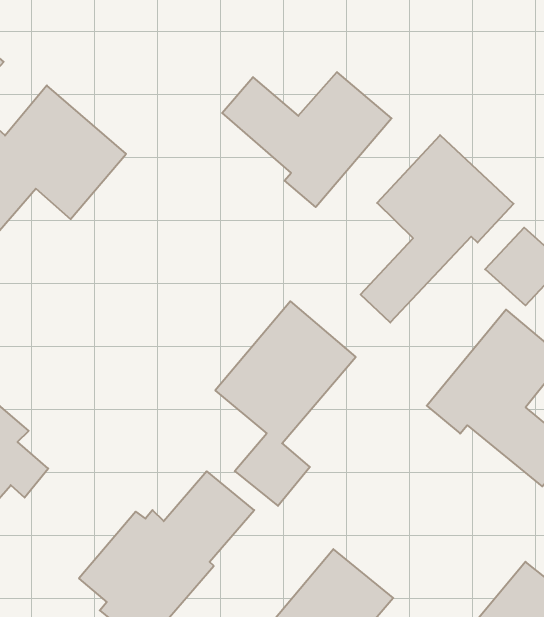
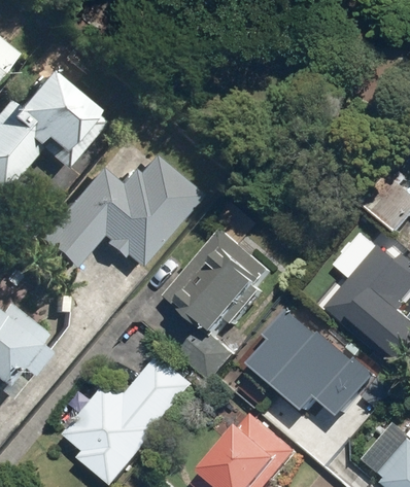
building: [222,72,392,207] -> none
building: [361,135,514,323] -> none
building: none -> [31,153,196,267]
building: none -> [243,312,372,424]

